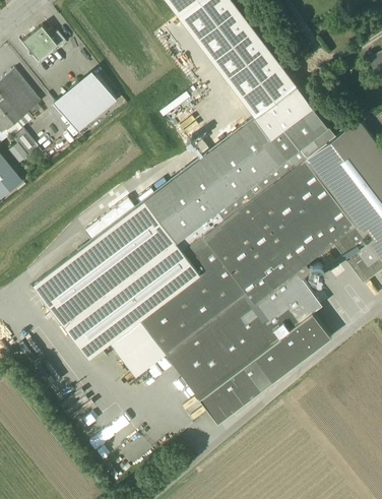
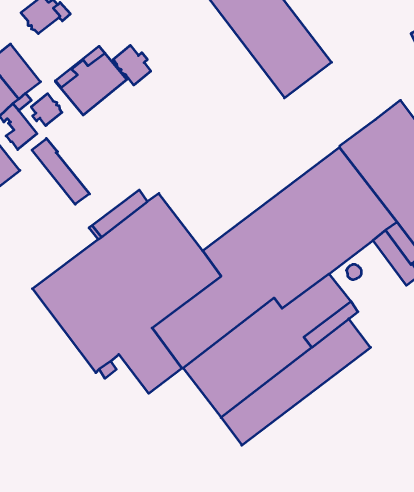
building: none -> [113,45,151,85]
building: [145,85,336,252] -> none
building: none -> [31,94,62,126]
building: none -> [32,138,90,204]

